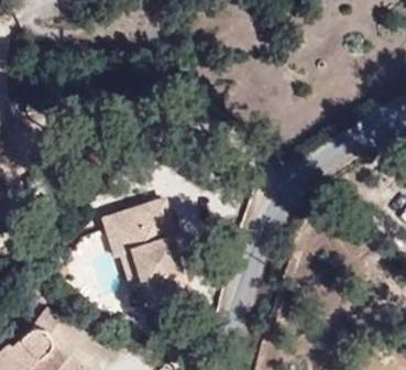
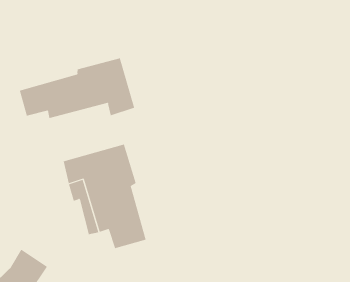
building: none -> [19,58,135,119]

